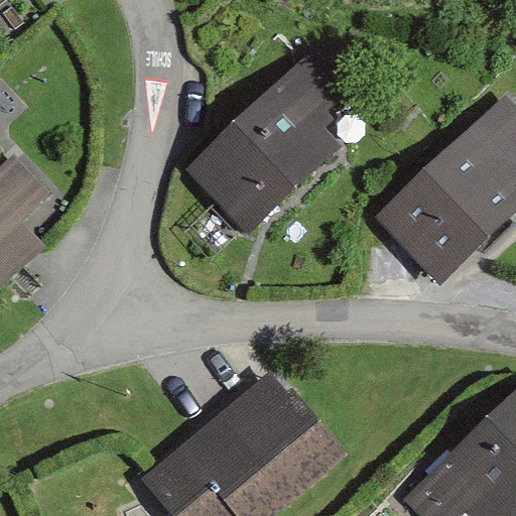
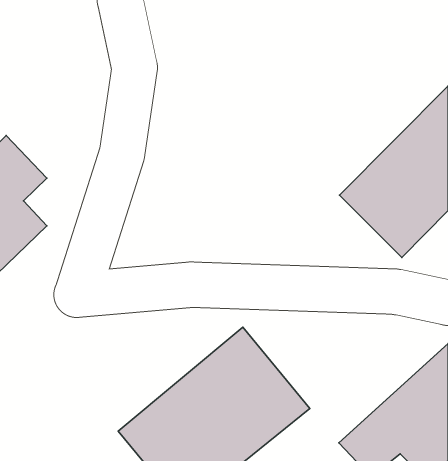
building: [188,48,357,240] -> none

